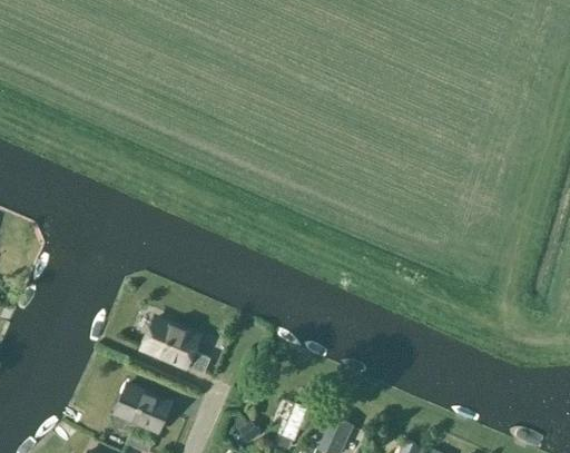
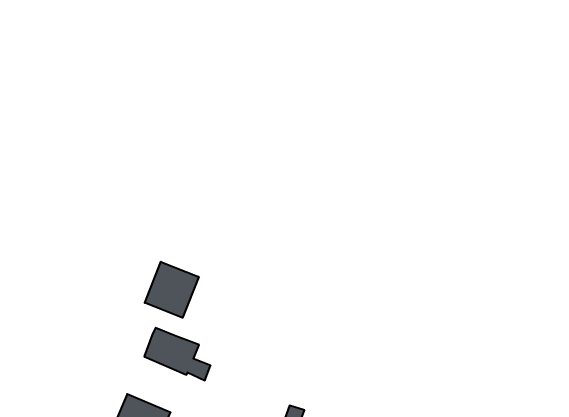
building: none -> [145,262,199,318]

